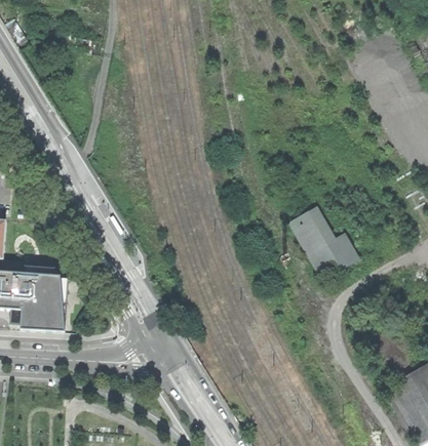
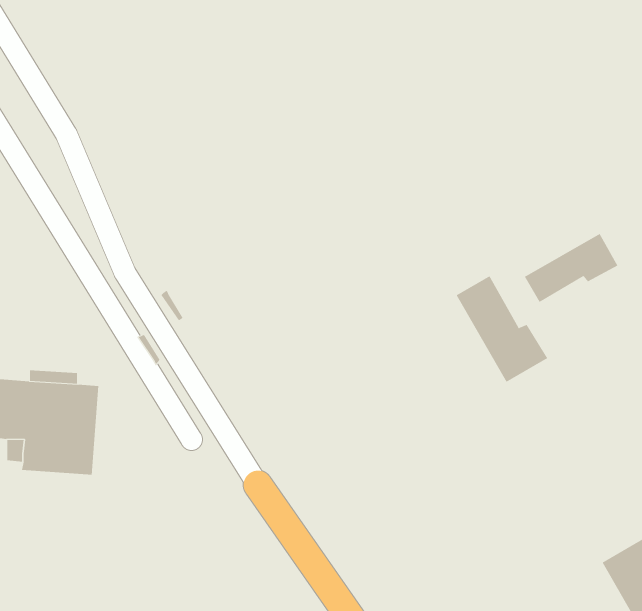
building: none -> [524,233,618,303]

